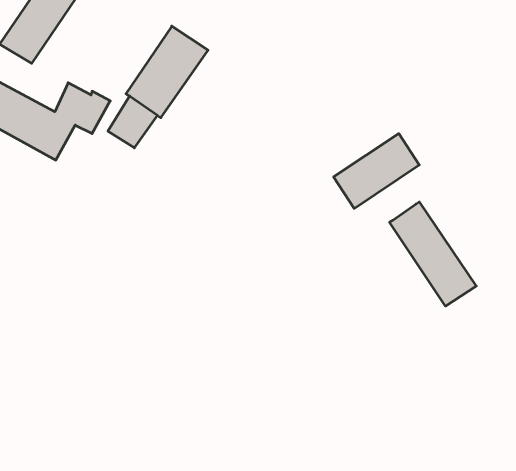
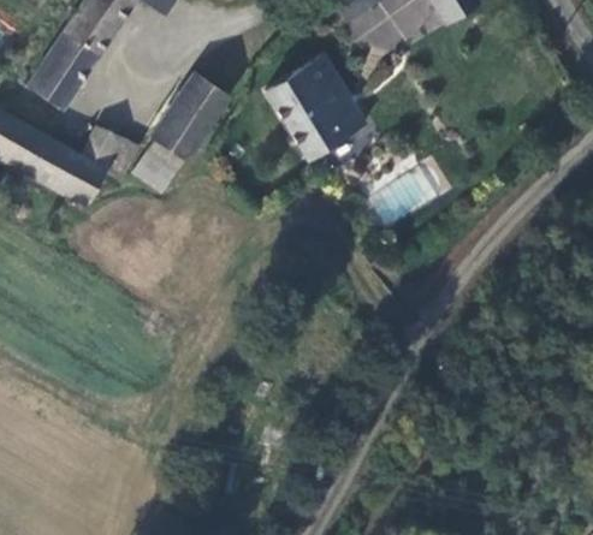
building: none -> [268,50,368,153]
building: [390,202,476,306] -> none

